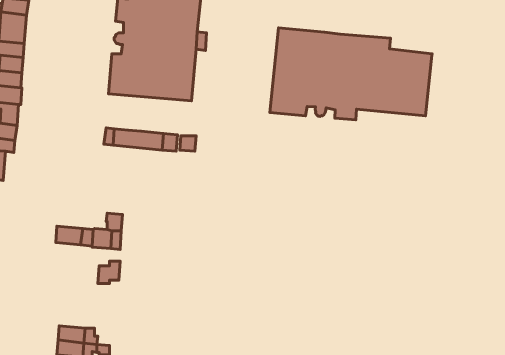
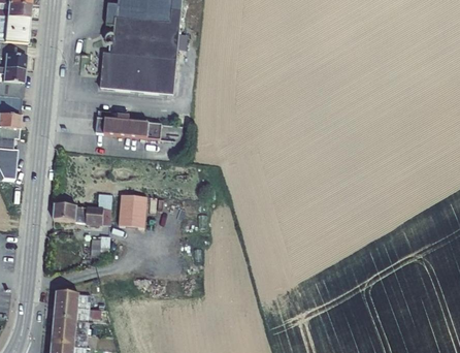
building: [270,28,432,120] -> none
building: none -> [119,194,147,227]

